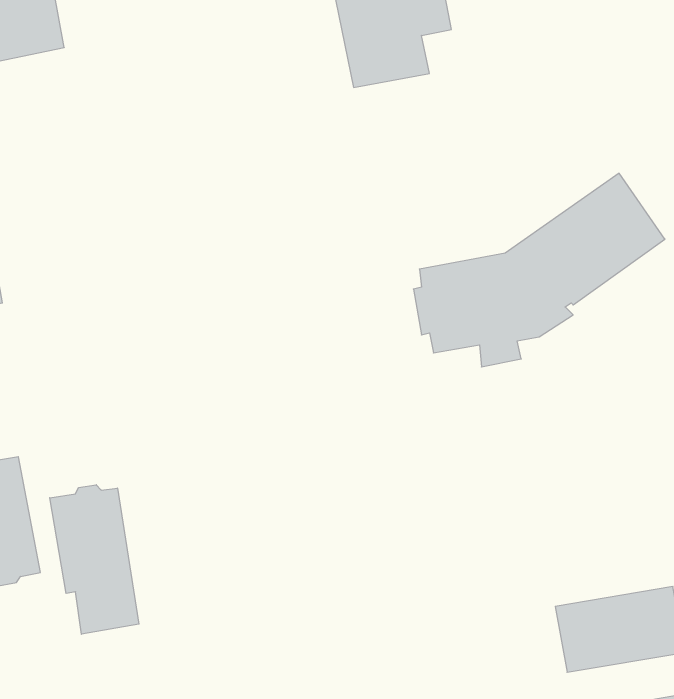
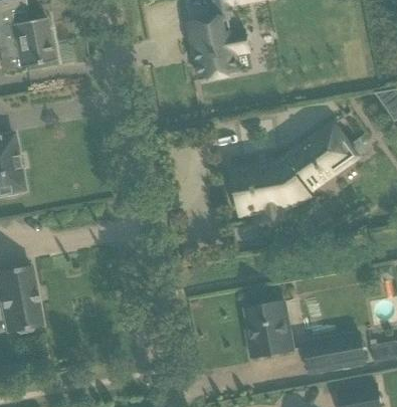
building: [50,485,139,634] -> none
building: none -> [244,300,292,358]

